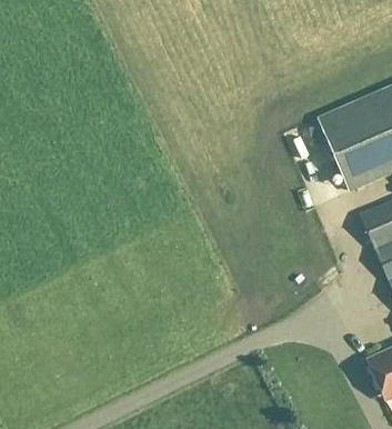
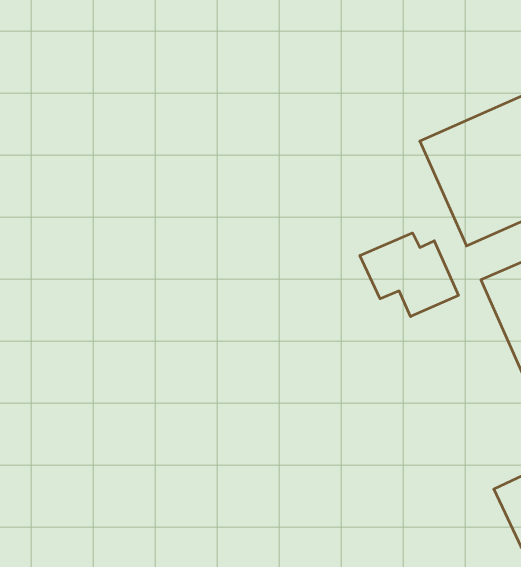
building: none -> [360,233,458,317]

